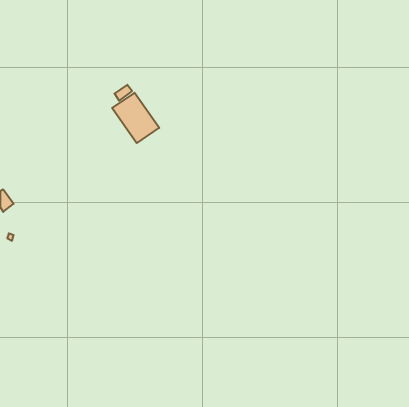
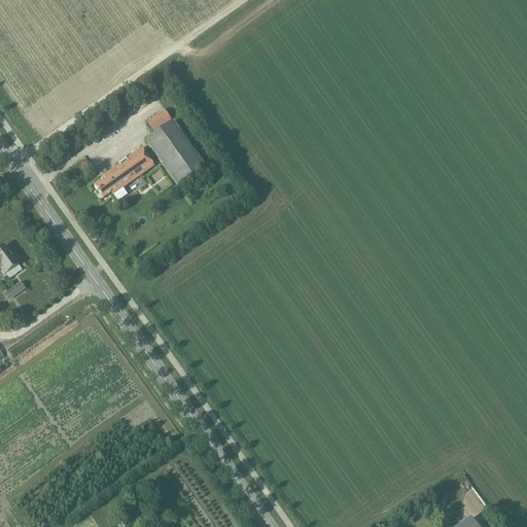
building: none -> [94,147,152,197]

